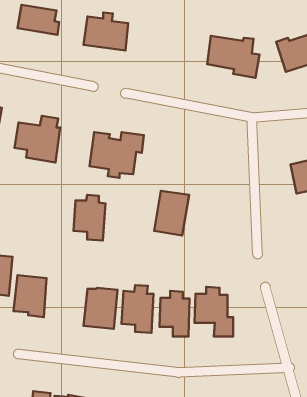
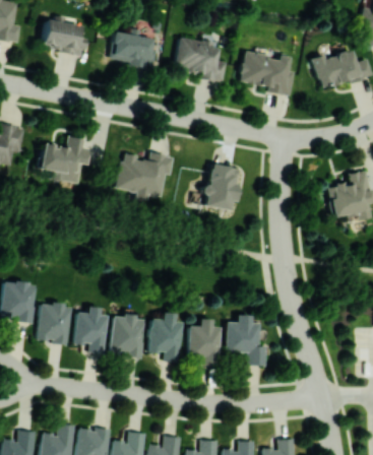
building: none -> [175,37,226,82]
building: [154,191,189,236] -> [201,164,238,210]
building: [74,195,106,241] -> [74,306,108,353]

